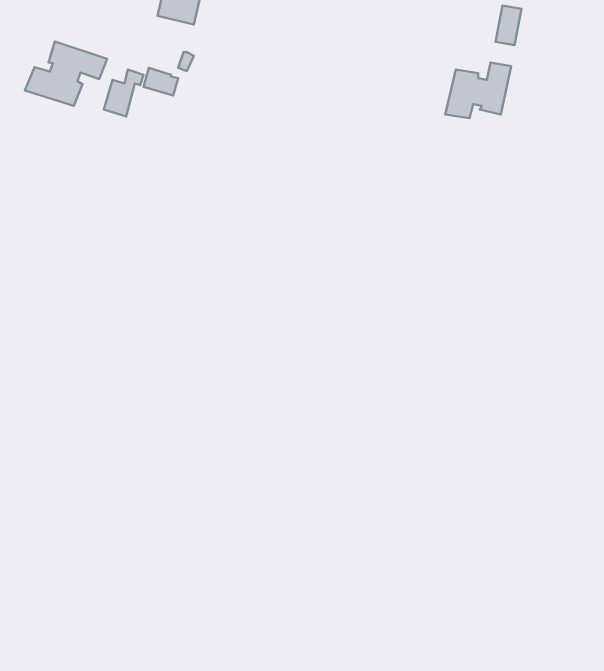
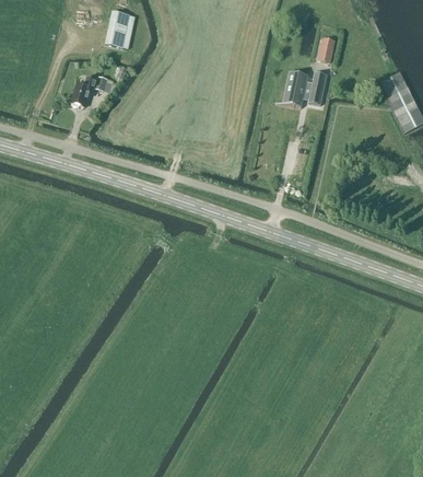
building: [25,41,107,106] -> none

